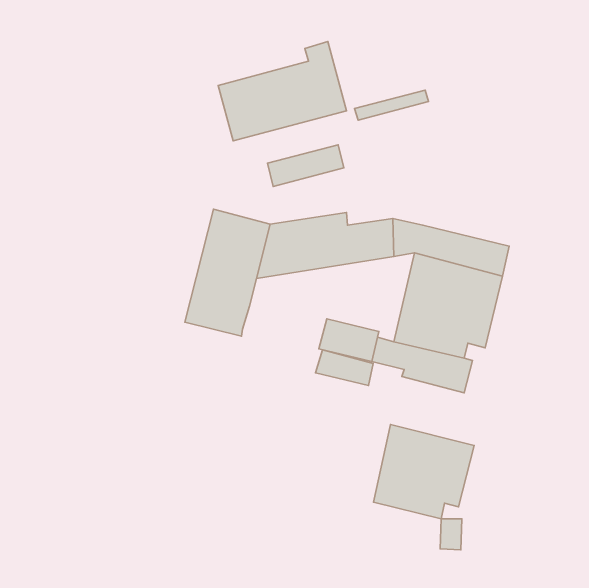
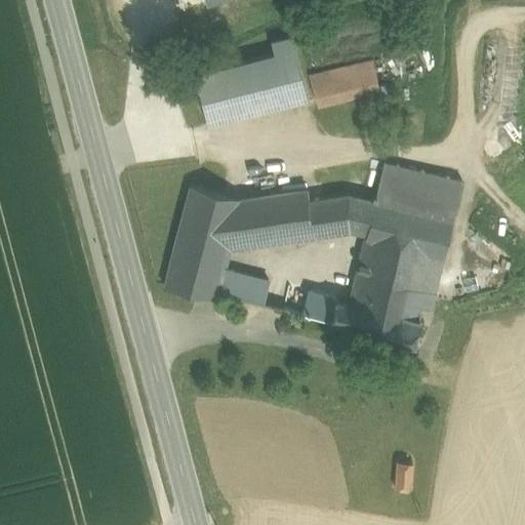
building: [268,145,344,186] -> [311,62,378,98]
building: none -> [376,163,462,220]
building: [315,350,373,386] -> [216,274,268,306]
building: [374,425,474,519] -> none

